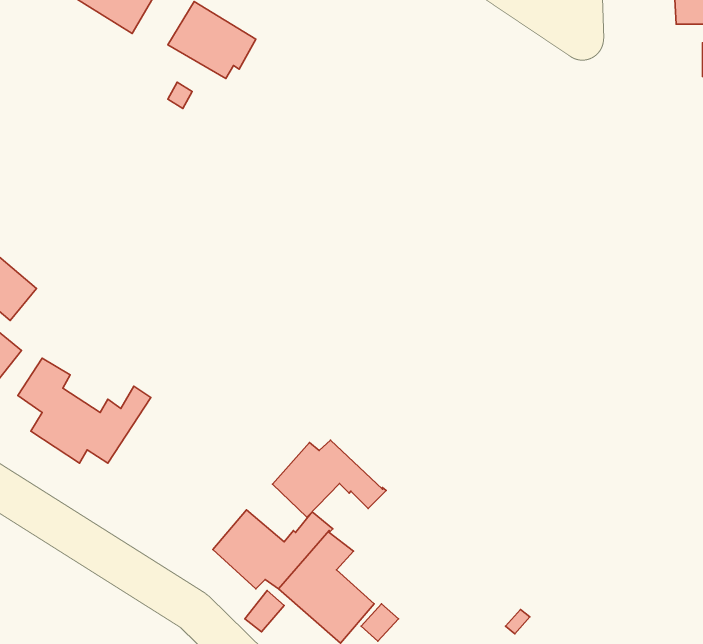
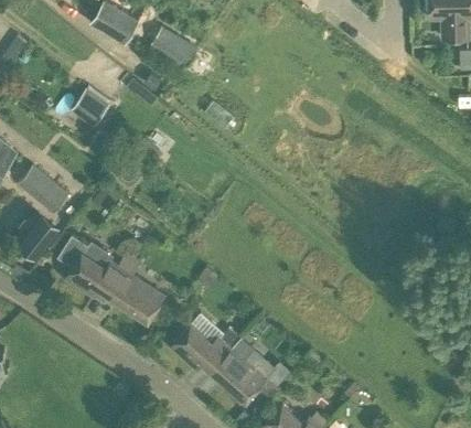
building: none -> [71,87,109,126]
building: none -> [110,258,164,321]
building: [272,440,386,517] -> none

